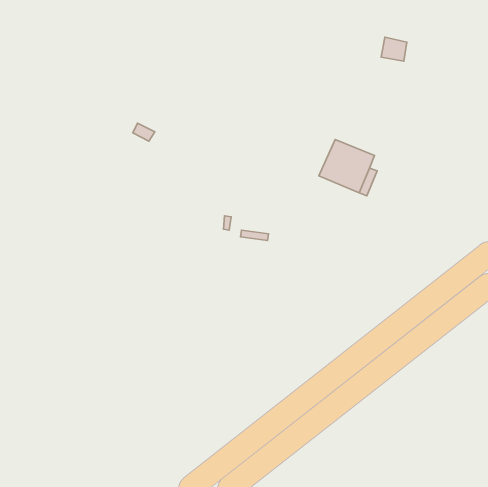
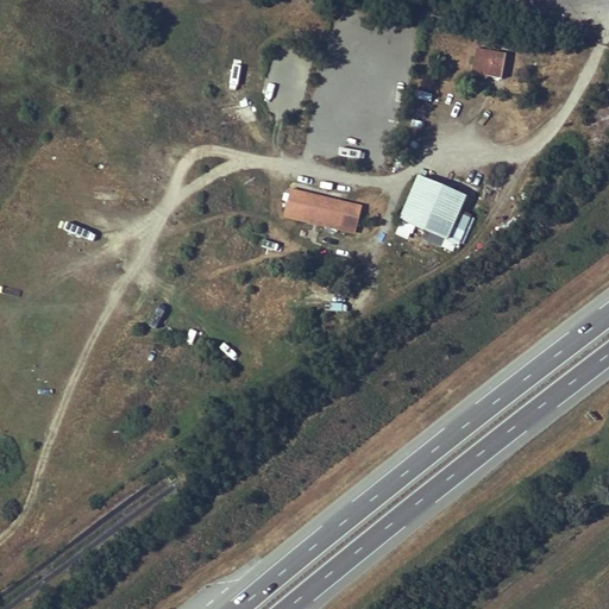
building: none -> [284,188,362,228]

